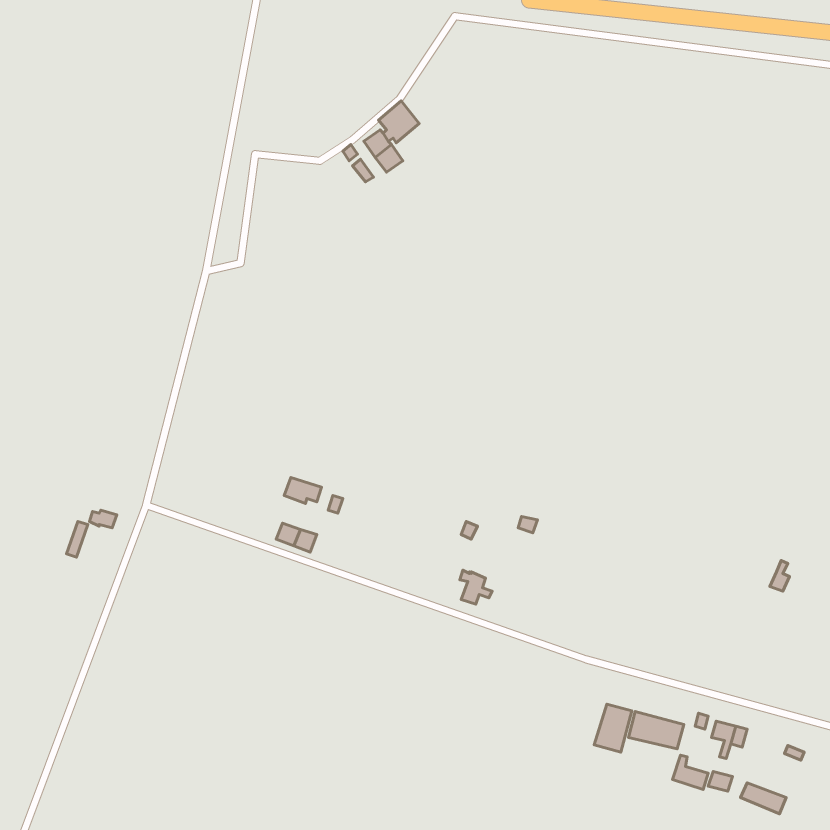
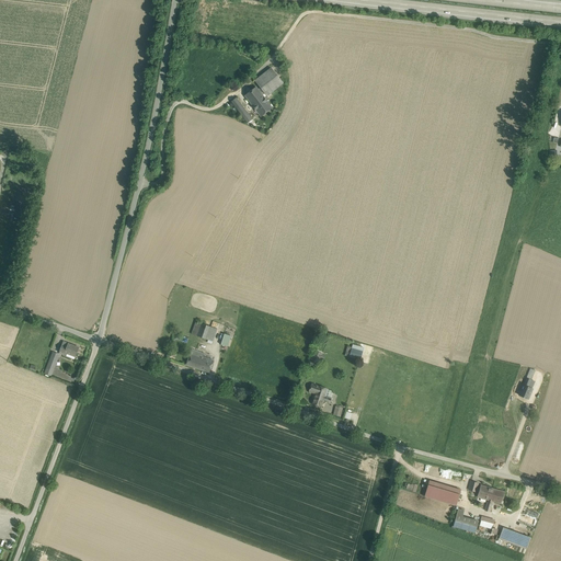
building: [594,704,632,752] -> none

